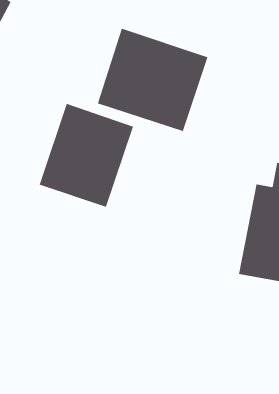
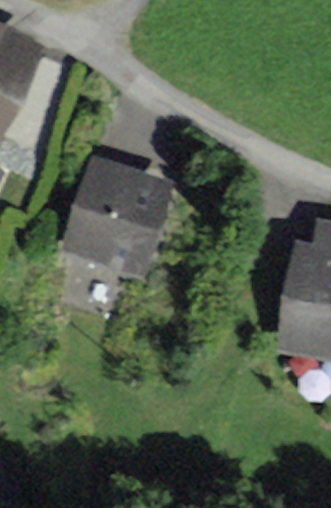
building: [97,28,208,132] -> none

